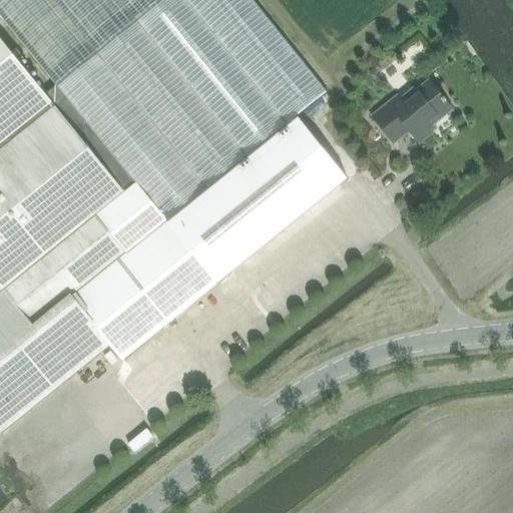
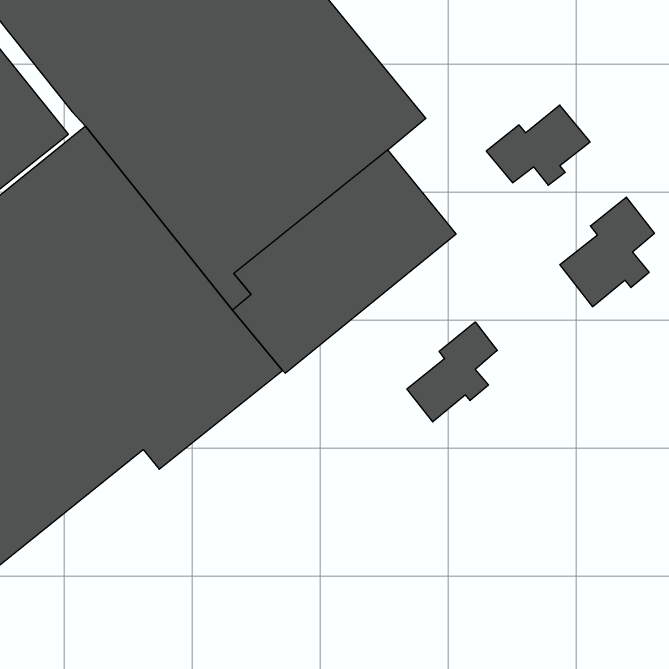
building: none -> [560,197,654,307]
building: none -> [407,322,497,422]

